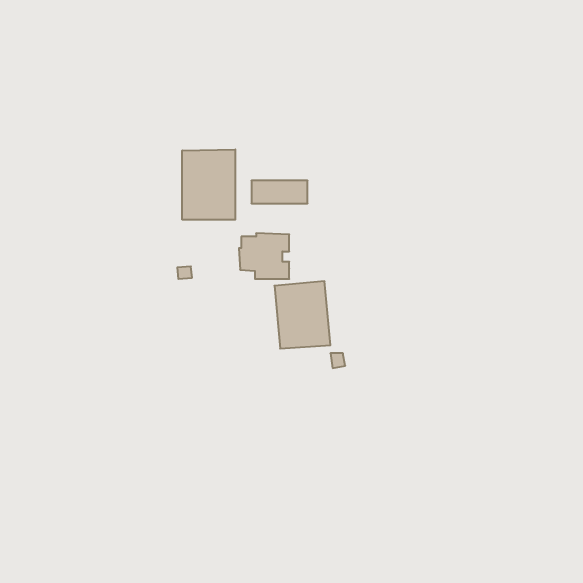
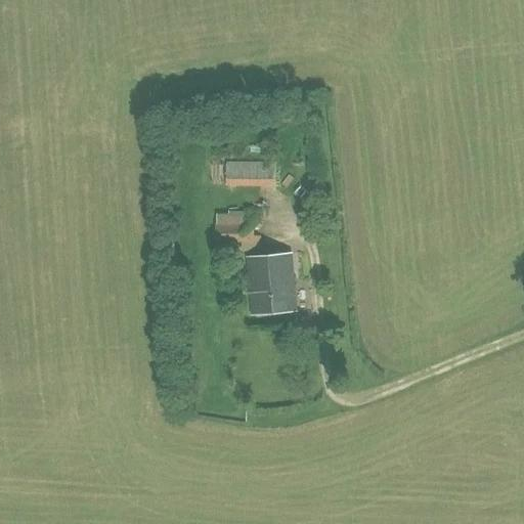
building: [182,149,235,220] -> none

